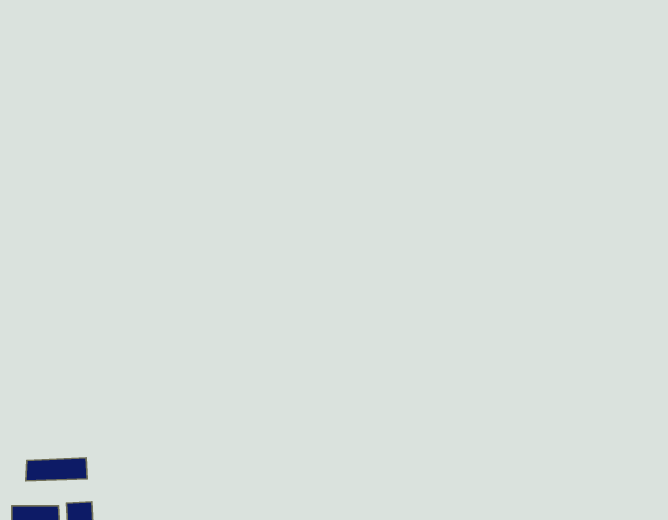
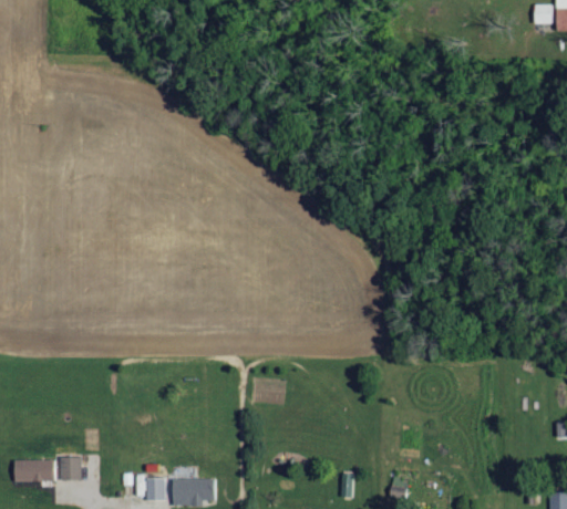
building: [26,458,87,481] -> none

